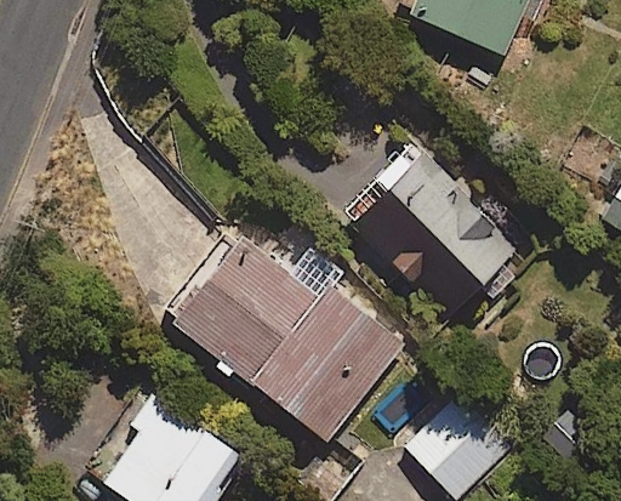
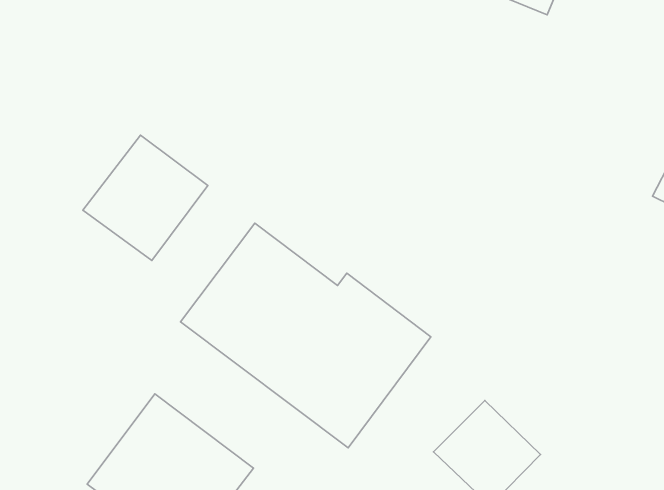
building: [343,156,519,317] -> none
building: none -> [83,135,208,261]

